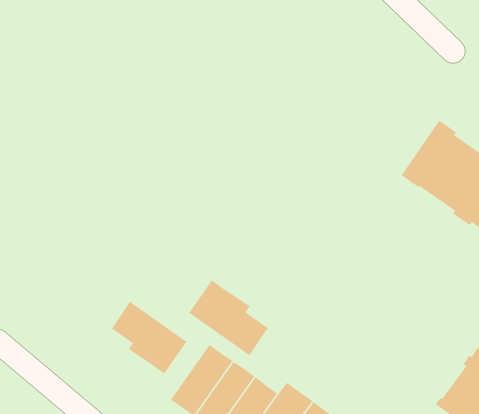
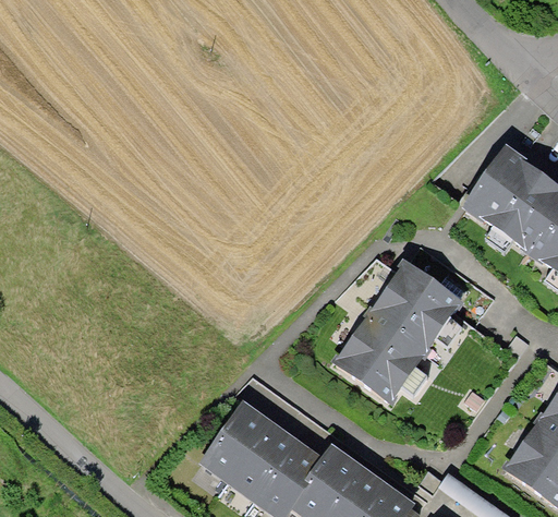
building: none -> [330,258,465,405]
building: [189,279,269,356] -> none
building: [111,301,187,375] -> none

